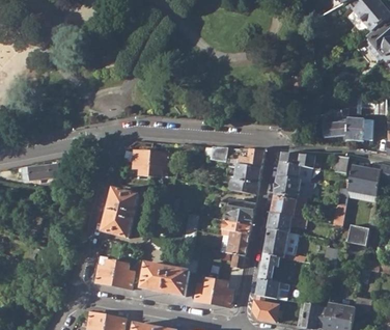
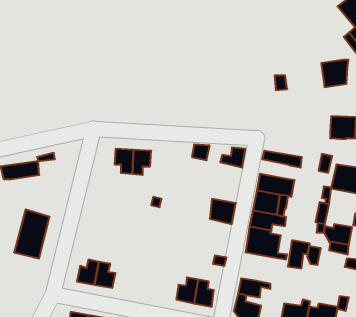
building: [322,110,349,137] -> [321,60,349,87]
building: [277,161,306,181] -> none
building: [227,164,259,195] -> none
building: [103,189,138,238] -> [14,209,50,259]
building: [221,220,249,254] -> none
building: [258,253,280,281] -> [288,240,310,268]
building: [141,263,189,296] -> none

